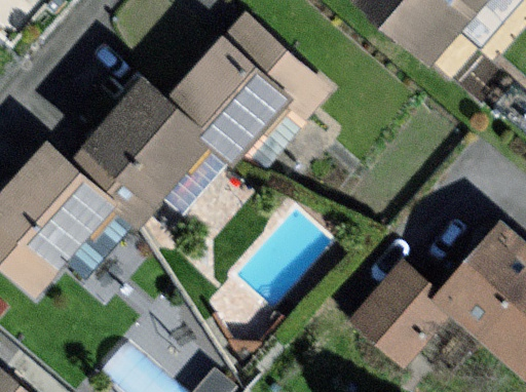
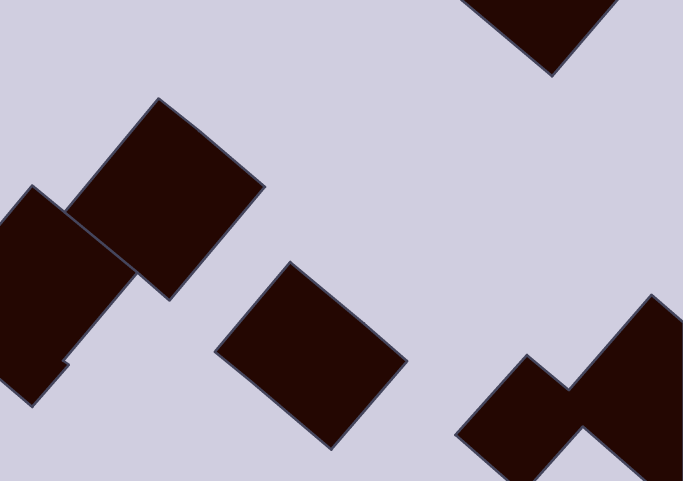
building: [167,29,336,161] -> none
building: none -> [215,262,407,450]

